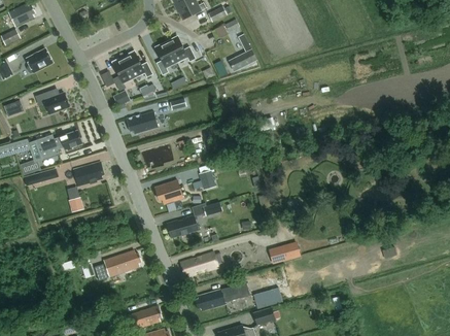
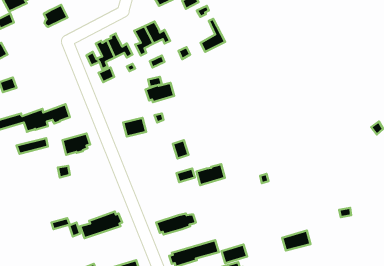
building: [26,47,53,72] -> [44,5,68,27]
building: [35,91,69,113] -> none
building: [126,110,158,132] -> [146,83,174,102]
building: [154,179,183,204] -> none
building: [167,214,199,238] -> [196,164,225,185]
building: [268,240,300,263] -> [282,230,311,251]

